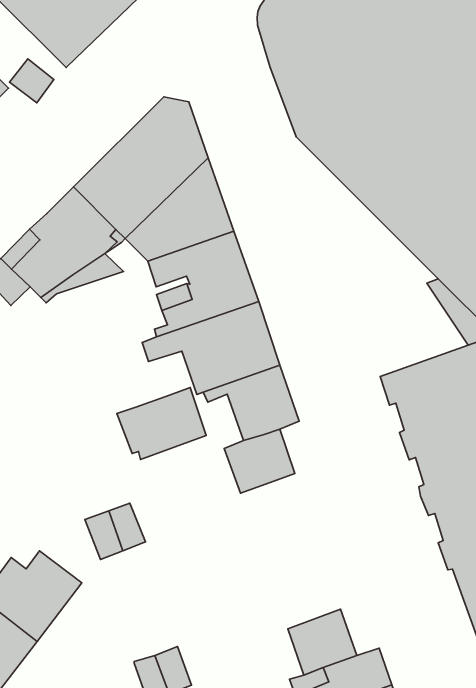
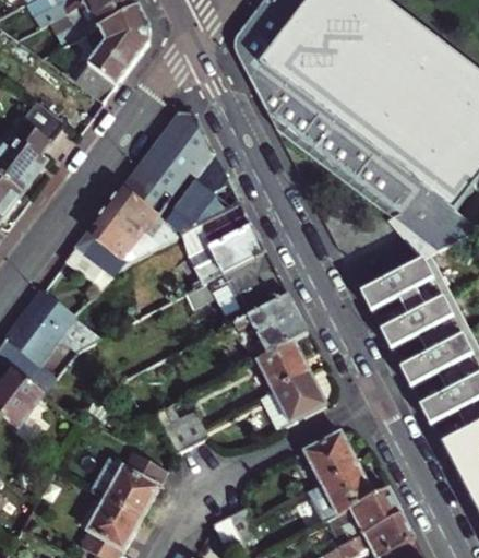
building: [117,388,206,459] -> [259,370,325,427]
building: none -> [303,431,356,483]

